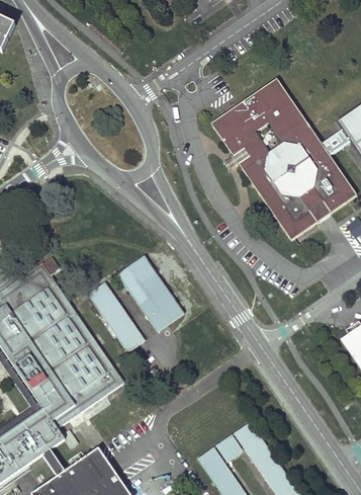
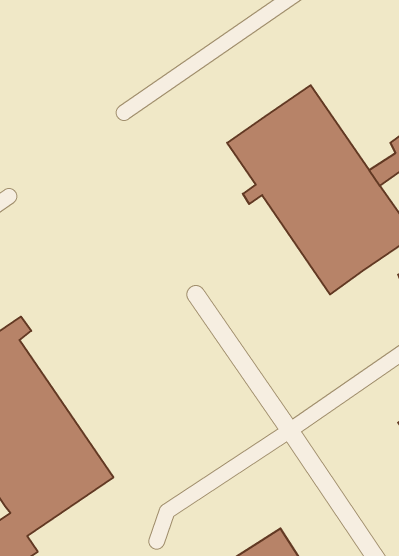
building: [117,256,184,333] -> none
building: [88,282,145,354] -> none

